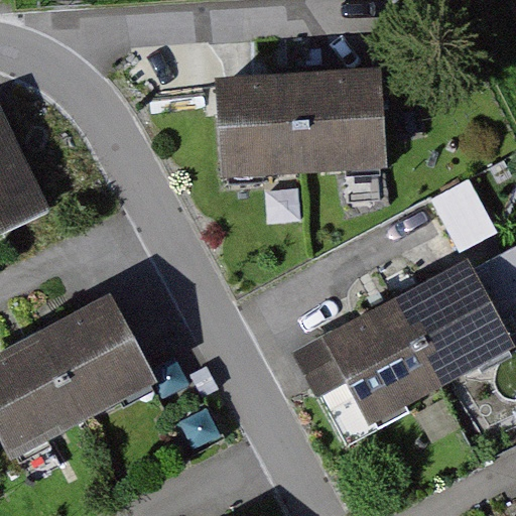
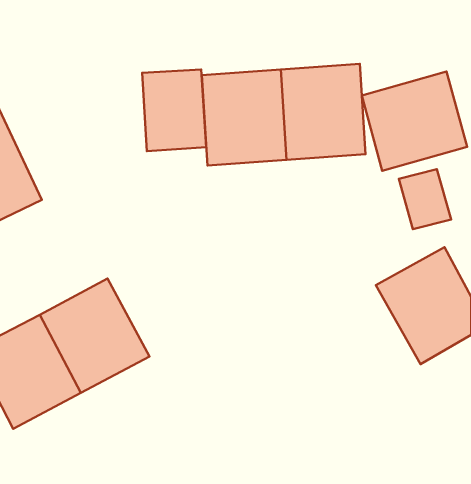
building: none -> [142,69,206,151]
building: none -> [362,71,467,171]
building: [327,302,445,426] -> none

